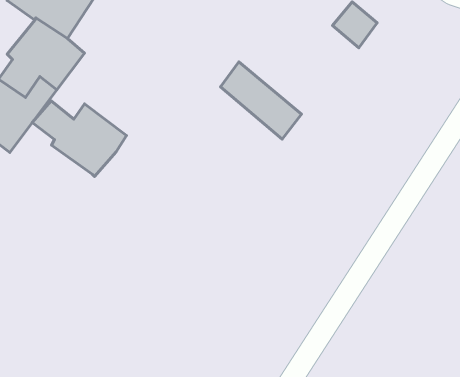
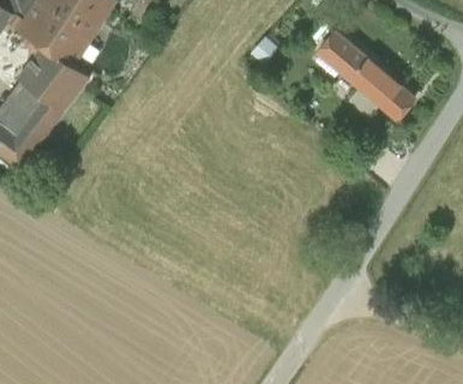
building: [221,62,302,139] -> [339,50,414,121]
building: [32,101,126,176] -> none

